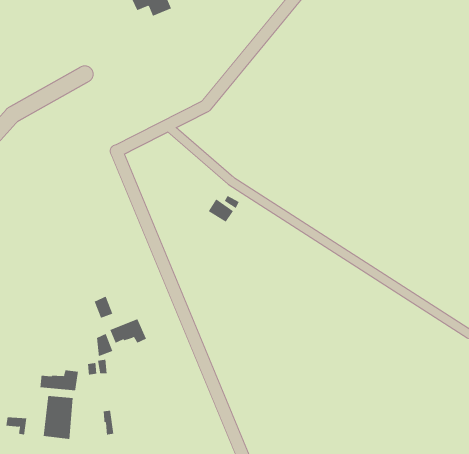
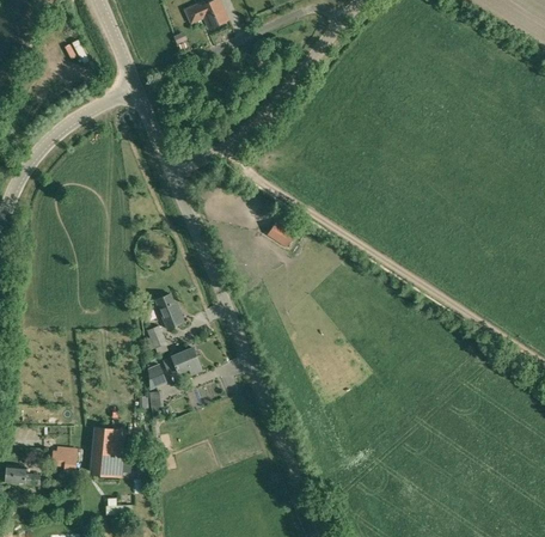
building: none -> [155,292,184,328]
building: [40,370,78,391] -> none

